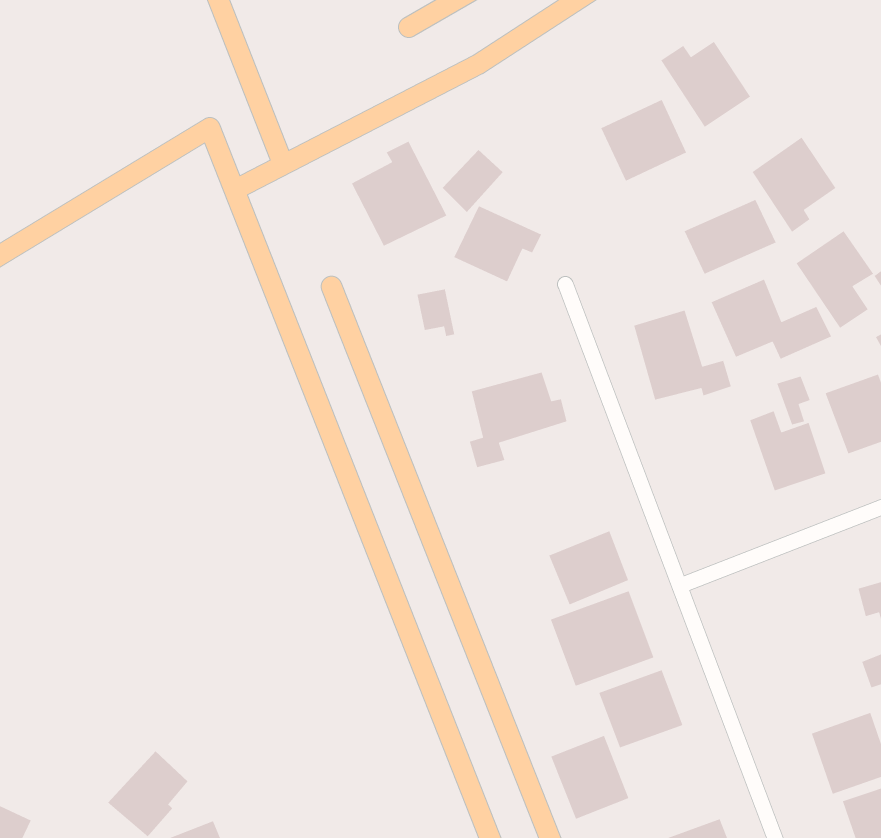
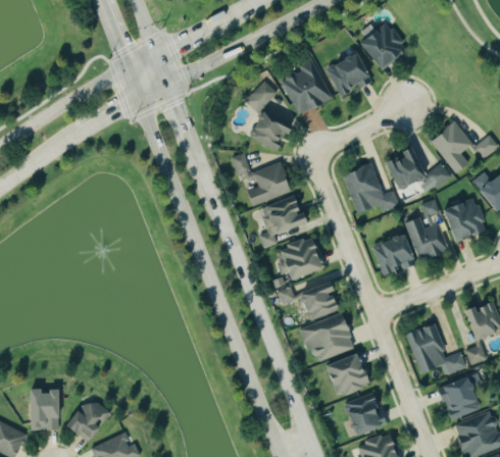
building: [751,137,837,233] -> none
building: [351,141,447,247] -> [281,59,332,115]
building: [684,199,777,275] -> none
building: none -> [245,161,292,206]
building: none -> [372,234,416,276]
building: none -> [271,236,323,304]
building: none -> [406,324,464,373]
building: none -> [24,388,54,429]
building: [550,735,630,820] -> [344,392,386,437]

